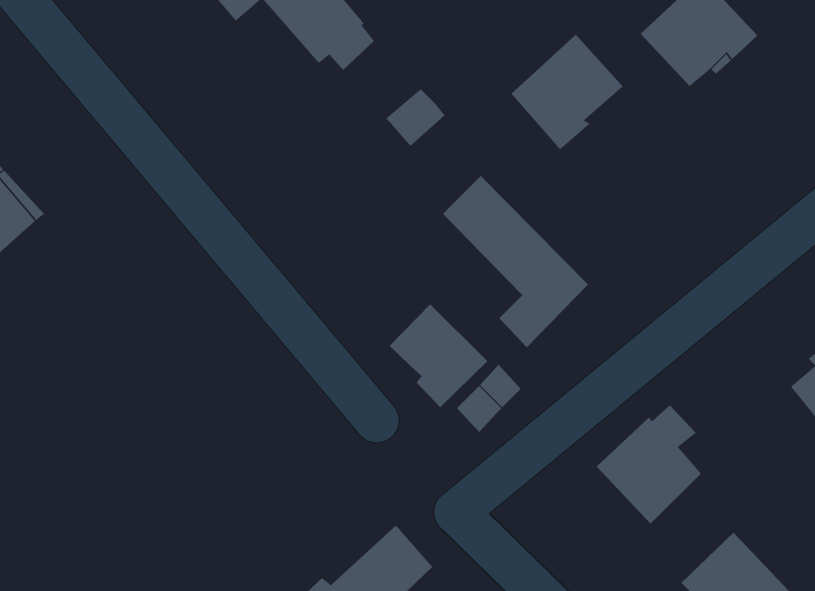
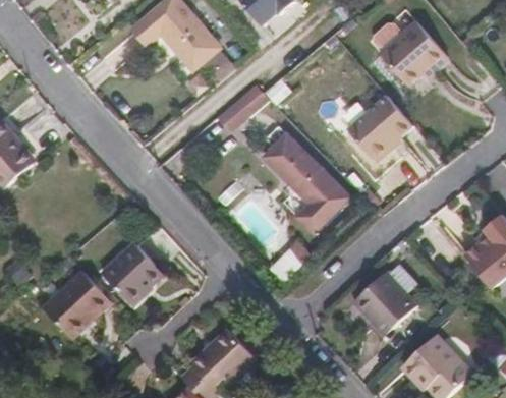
building: [511,34,624,150] -> [347,96,412,163]
building: [389,304,488,408] -> none
building: none -> [103,241,164,302]
building: none -> [43,270,112,337]

